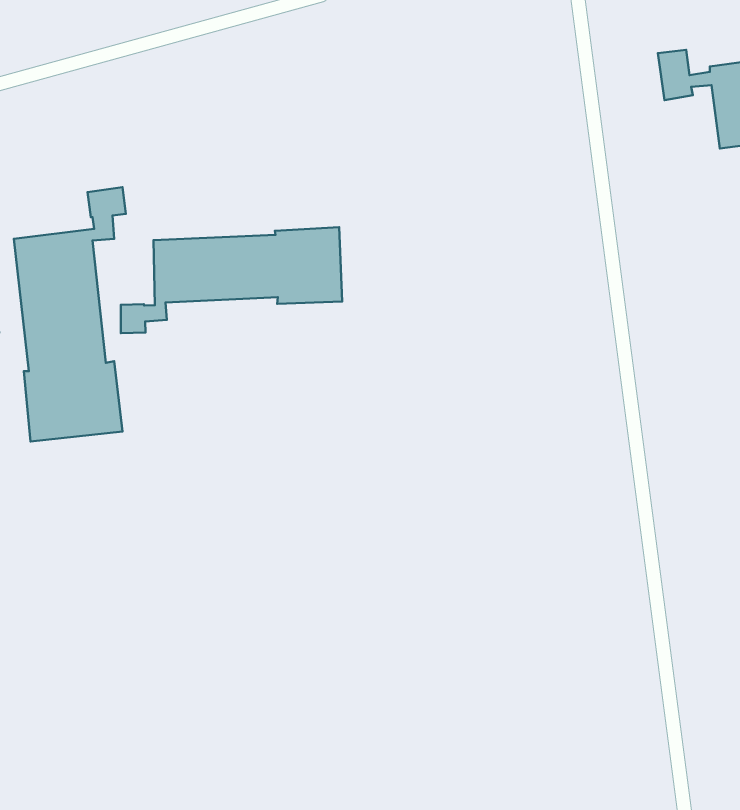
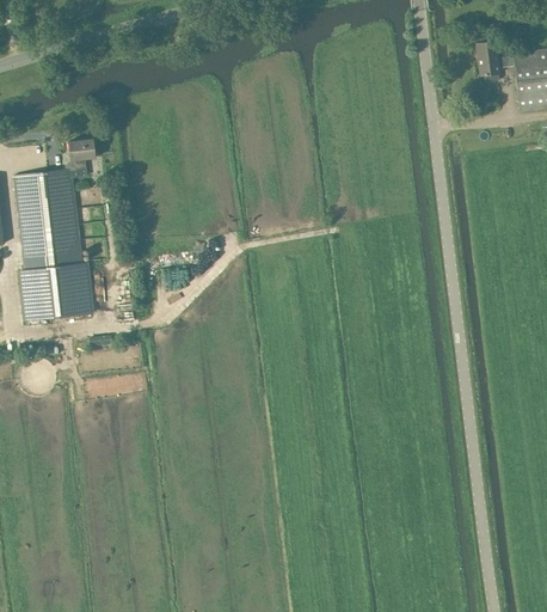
building: [121,227,342,333] -> none

